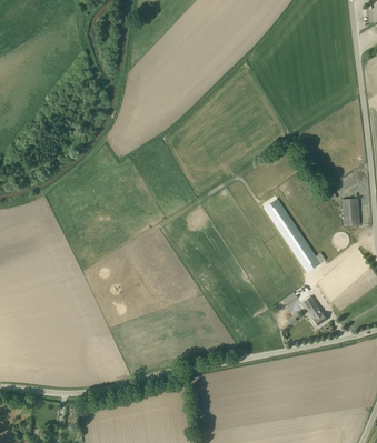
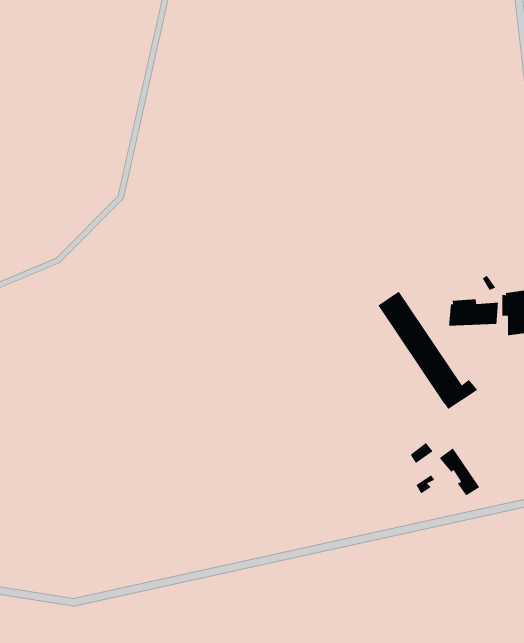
building: none -> [449,299,499,327]

